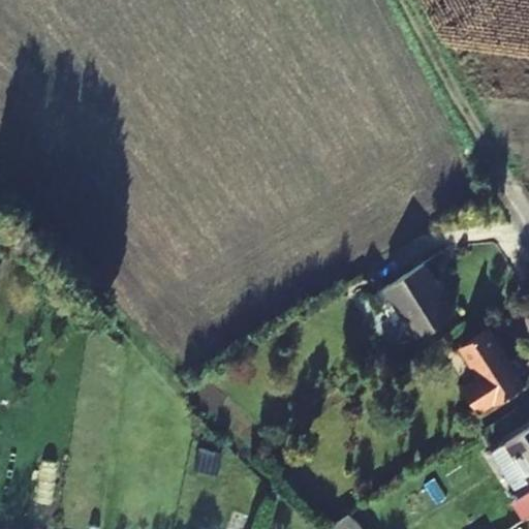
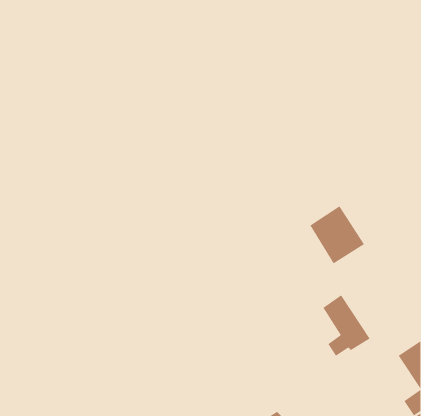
building: [461,336,521,413] -> [322,295,370,357]

